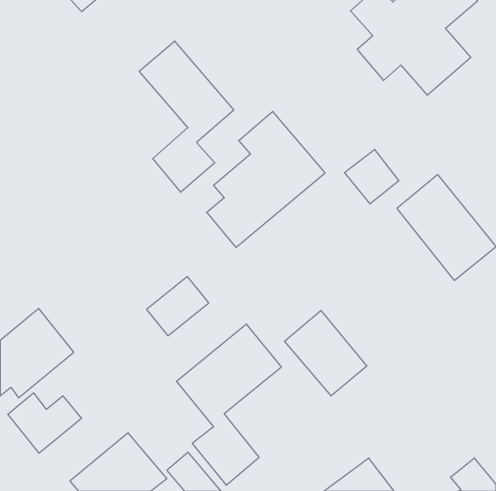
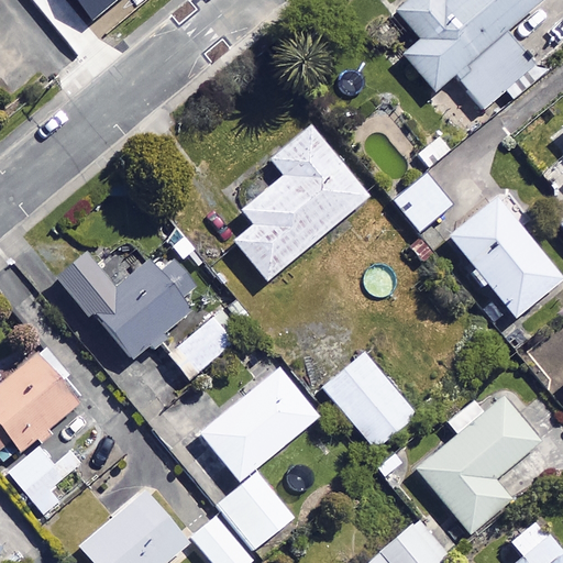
building: [139,41,234,192] -> none
building: none -> [57,245,192,360]
building: none -> [415,397,539,531]

